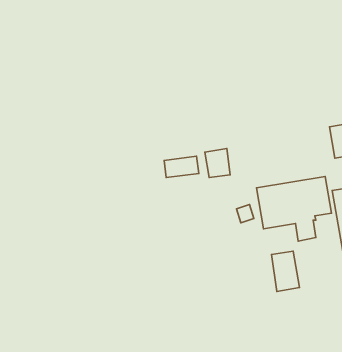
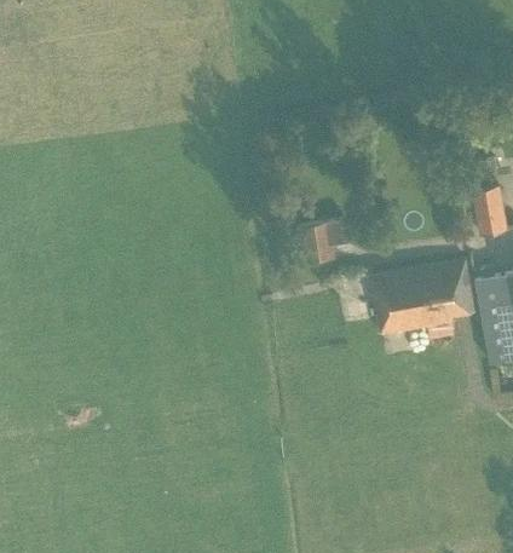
building: [164,156,199,177] -> none
building: [272,251,300,291] -> none

